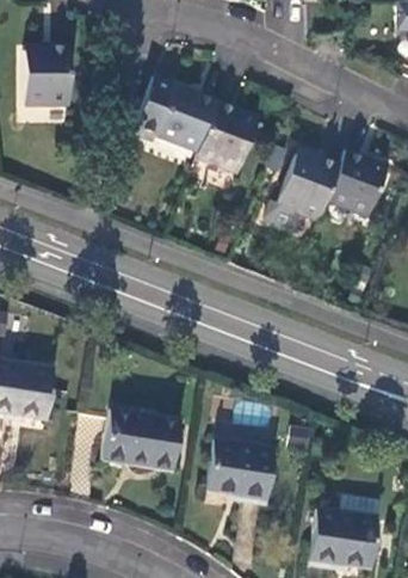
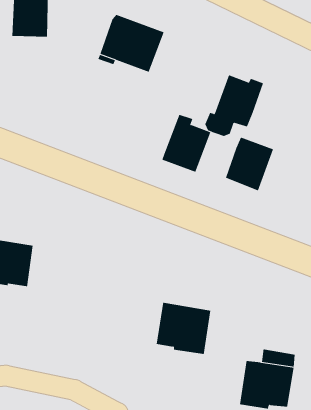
building: [196,102,258,174] -> [161,114,211,172]
building: [328,150,389,219] -> [225,137,274,191]
building: [105,401,183,461] -> none

